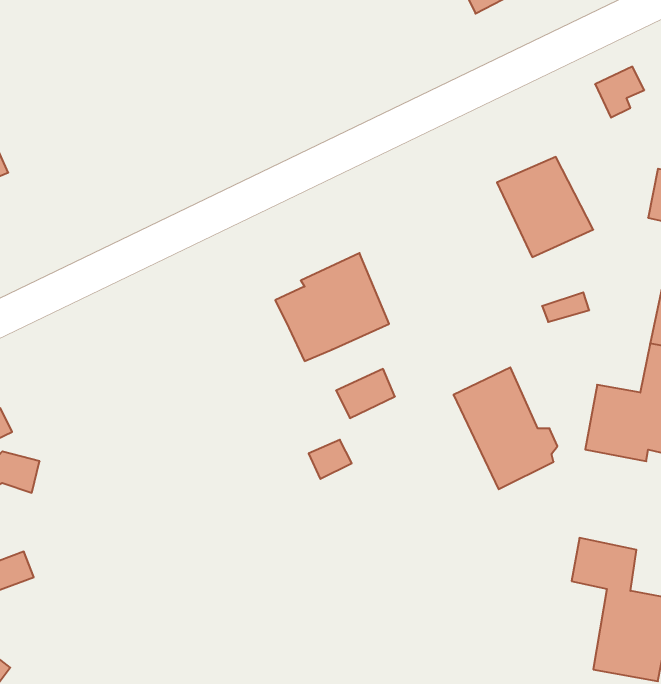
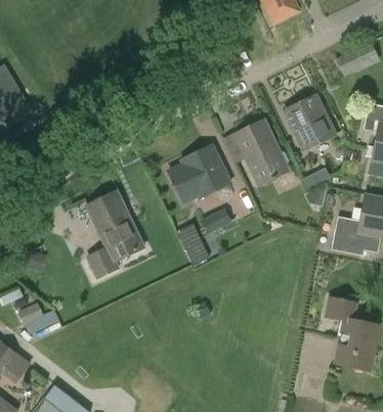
building: none -> [85,192,142,280]
building: [453,367,557,489] -> [235,121,289,184]

